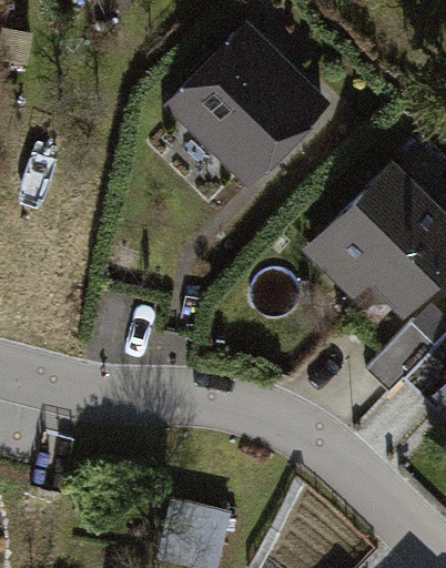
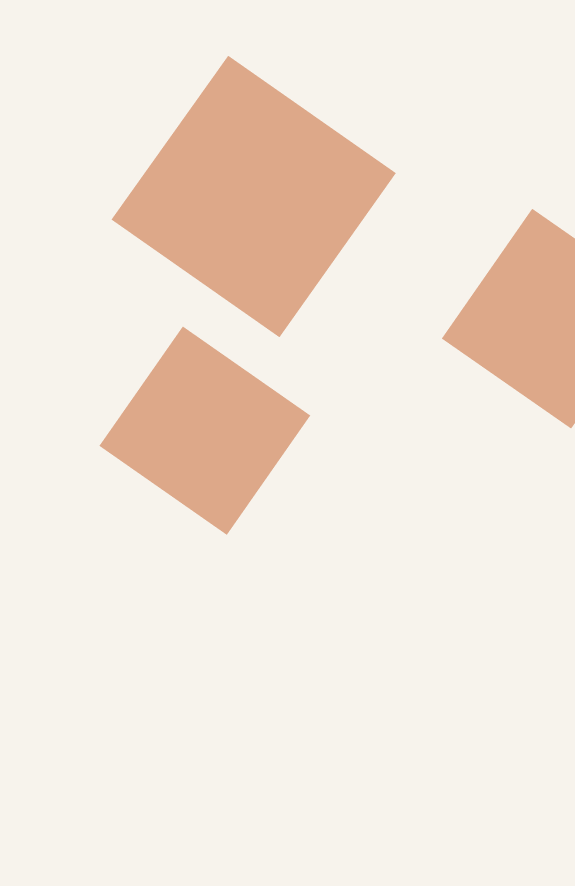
building: none -> [99,325,311,536]

